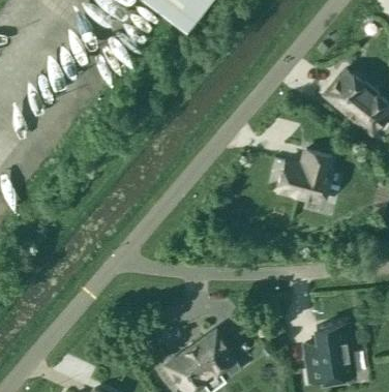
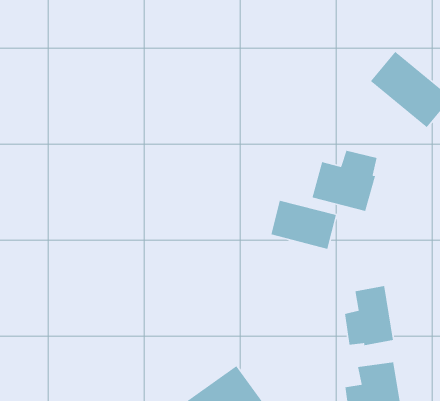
building: none -> [270,200,337,250]
building: none -> [344,285,394,346]

